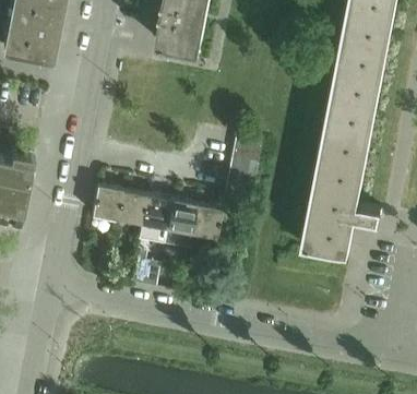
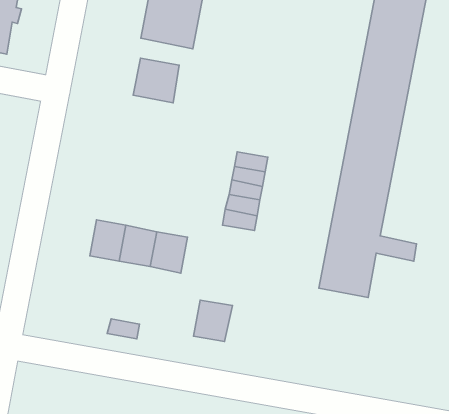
building: none -> [133,58,179,103]
building: [92,191,121,225] -> none
building: [190,210,222,243] -> [194,300,232,342]

